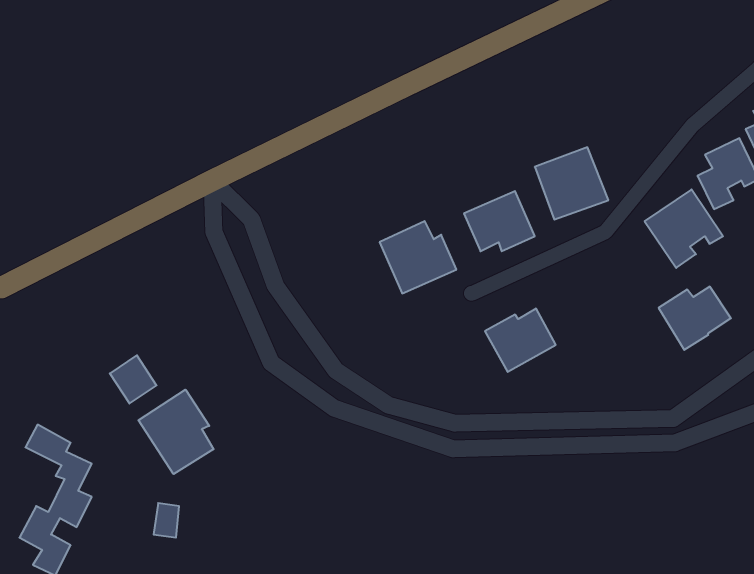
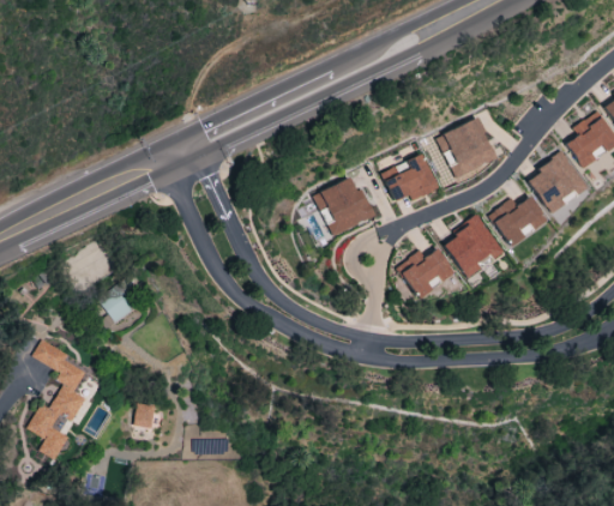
building: none -> [441,216,504,276]
building: [659,287,731,350] -> [489,195,547,246]
building: [138,390,214,474] -> none

